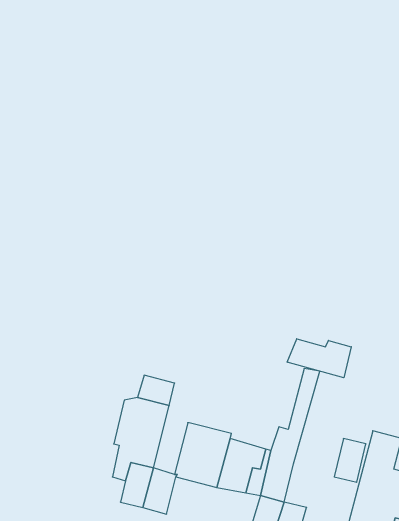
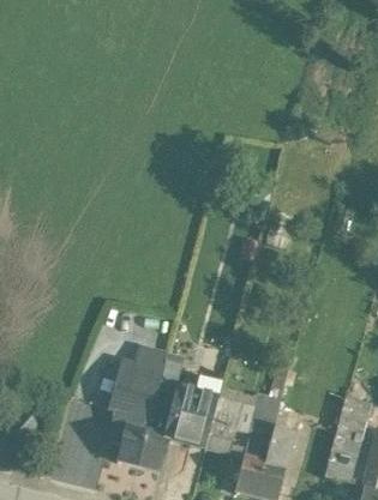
building: [287,339,351,378] -> none
building: none -> [146,359,180,435]
building: [334,439,366,482] -> [265,426,294,465]

